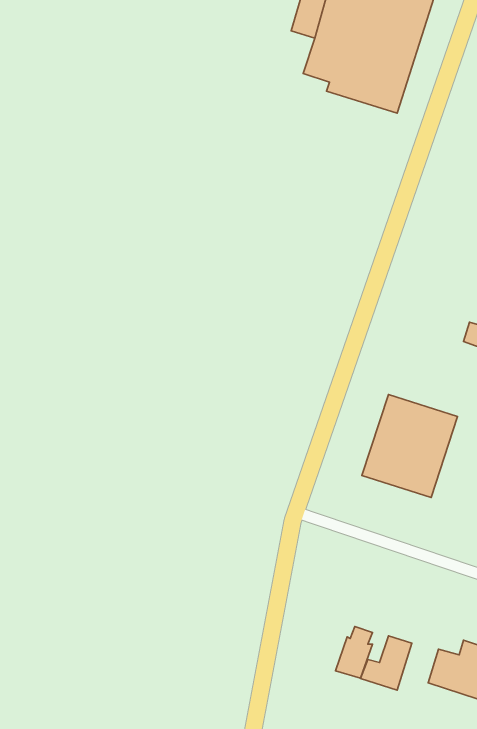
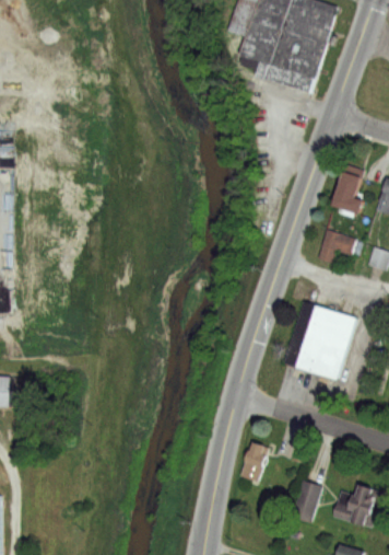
building: none -> [337,173,366,215]
building: none -> [317,231,355,263]
building: [336,627,372,678] -> [240,444,268,483]

